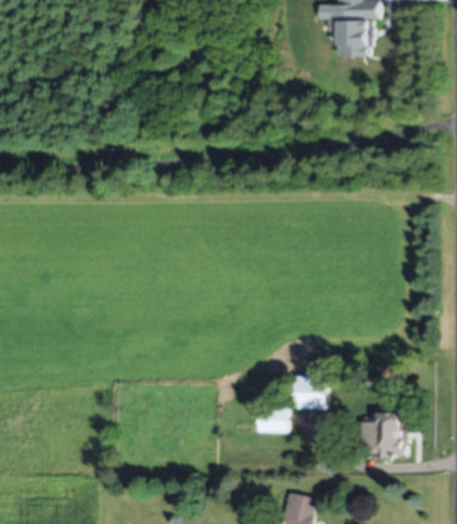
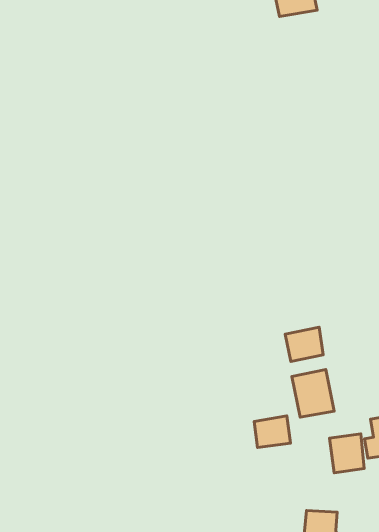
building: none -> [285,327,323,361]
building: none -> [329,434,364,473]

